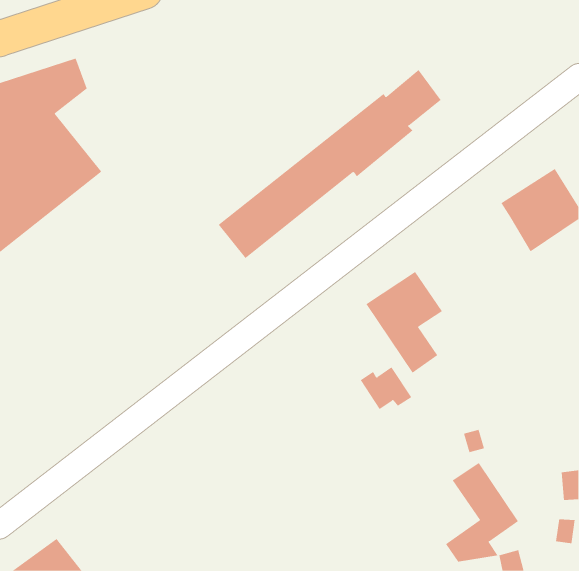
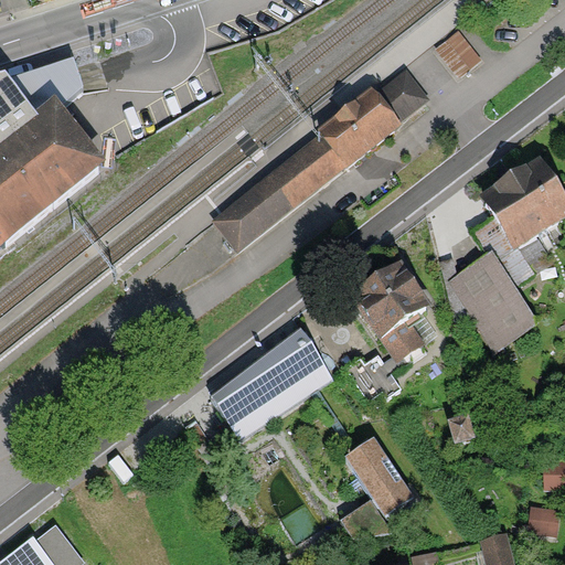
building: none -> [435,25,481,74]
building: none -> [441,212,532,345]
building: none -> [211,326,333,438]
building: [445,462,519,562] -> [340,439,412,536]

